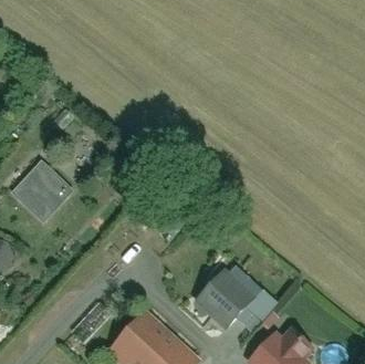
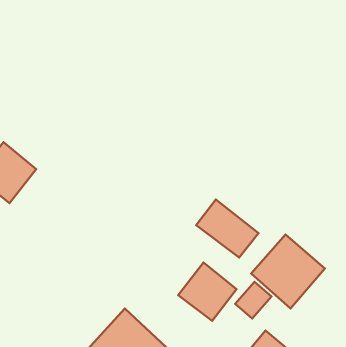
building: none -> [196,200,258,258]
building: none -> [251,235,325,309]

